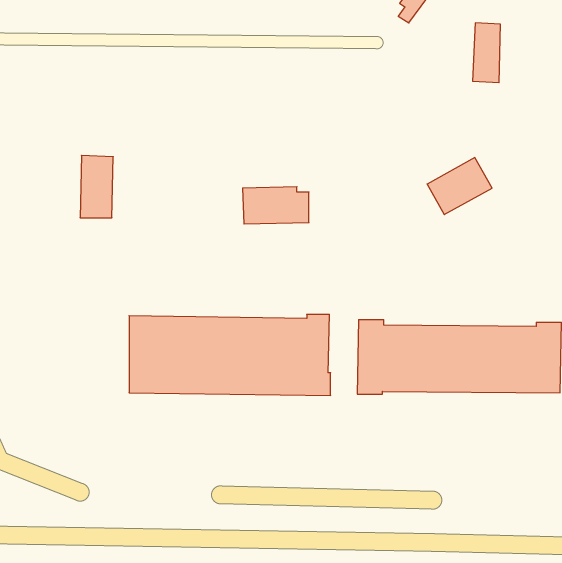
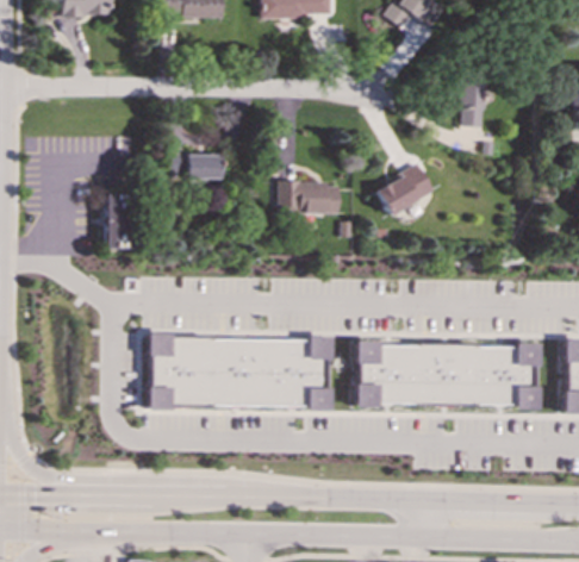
building: none -> [170,152,223,179]
building: [427,158,492,215] -> [375,163,434,214]
building: [243,187,309,224] -> [279,180,338,213]

